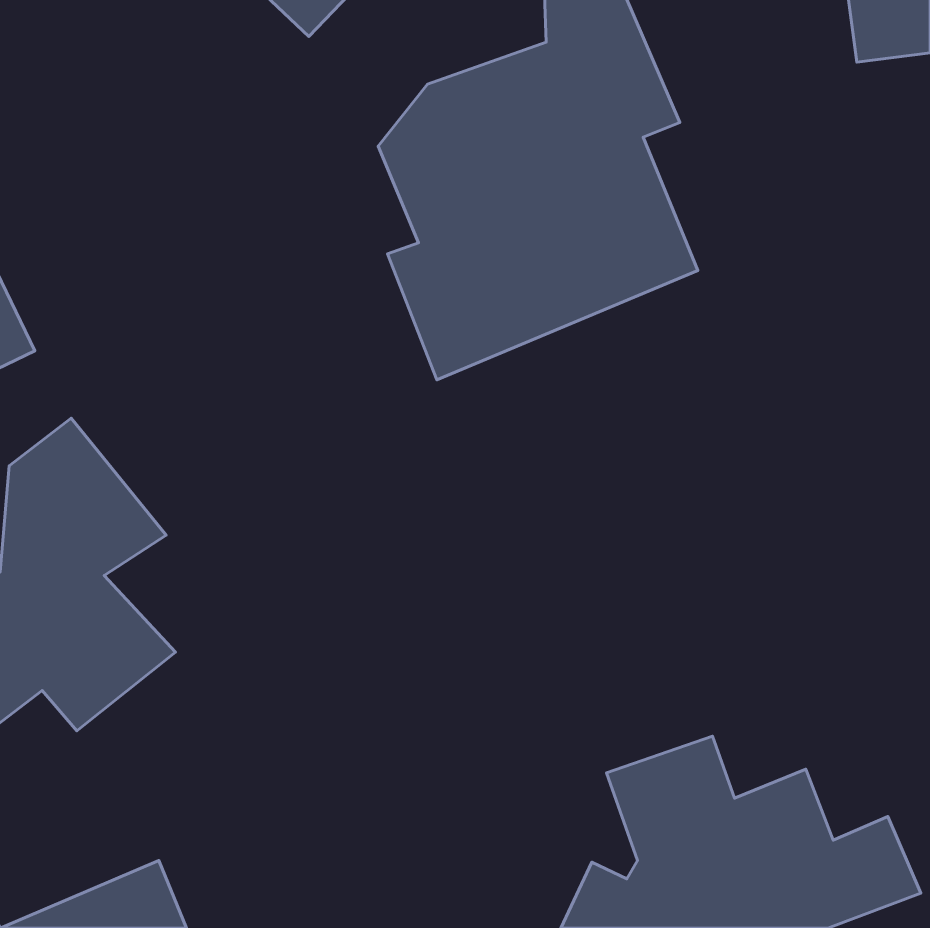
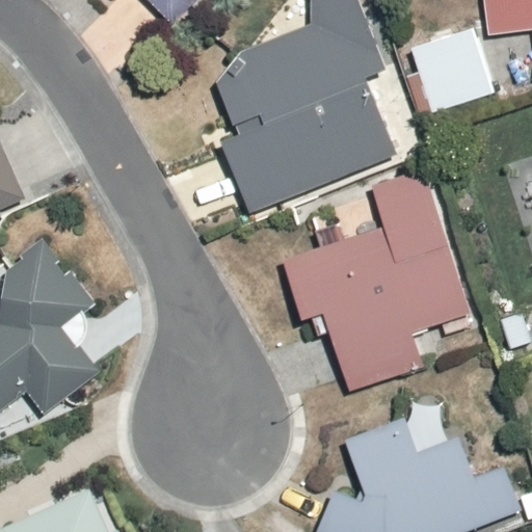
building: none -> [406,27,495,117]
building: none -> [283,167,472,391]

